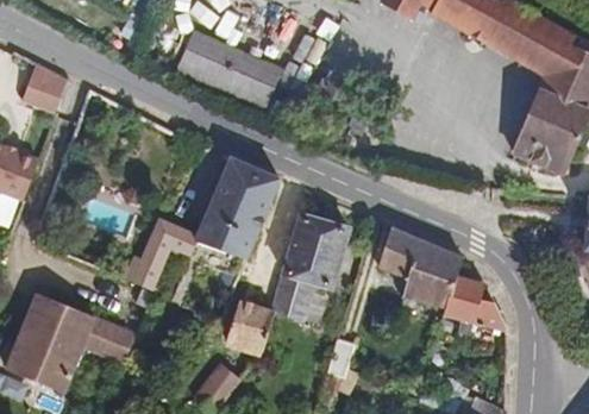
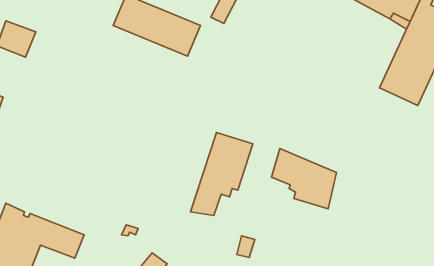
building: [117,151,275,290] -> none
building: [446,258,501,333] -> none
building: [223,296,271,345] -> none

